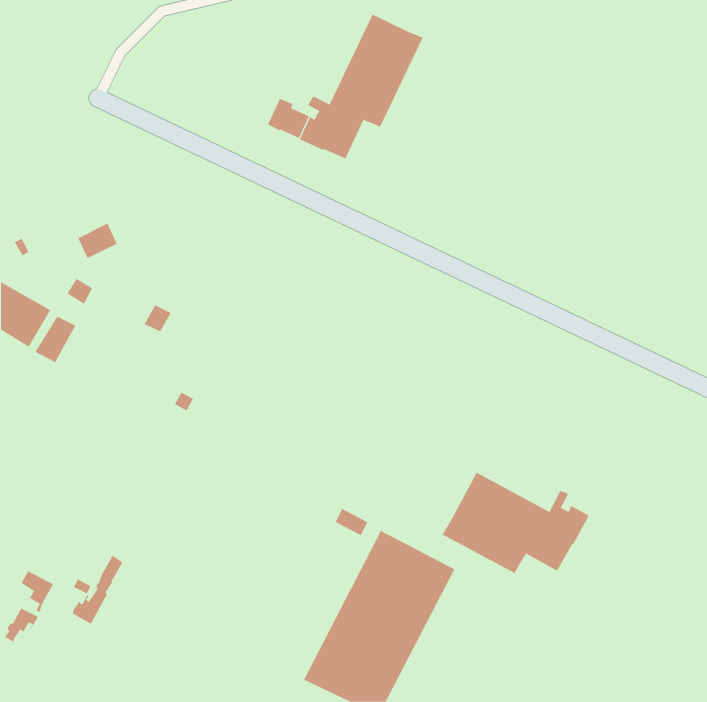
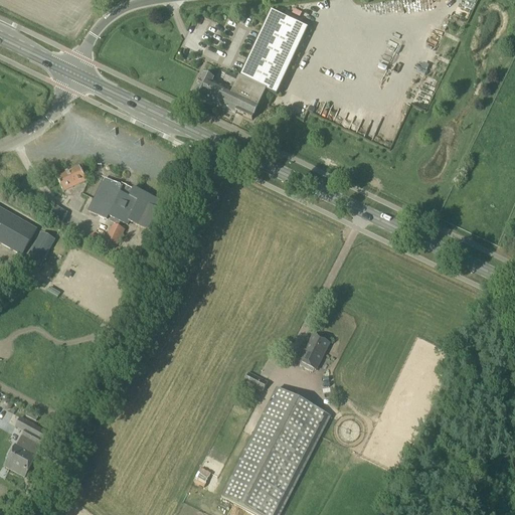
building: none -> [89,176,169,232]
building: none -> [299,333,327,367]
building: [442,472,590,574] -> none
building: [72,555,123,624] -> [10,424,47,475]

